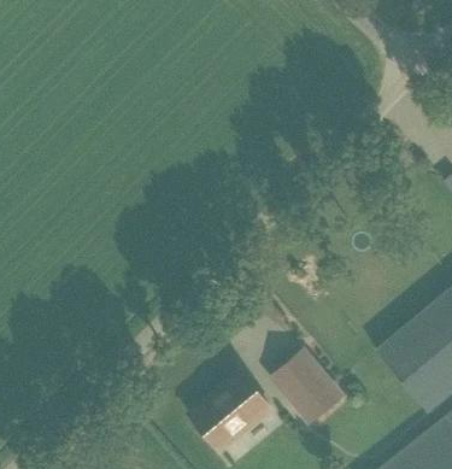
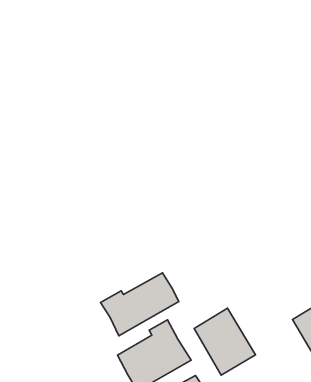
building: none -> [101,273,179,336]

